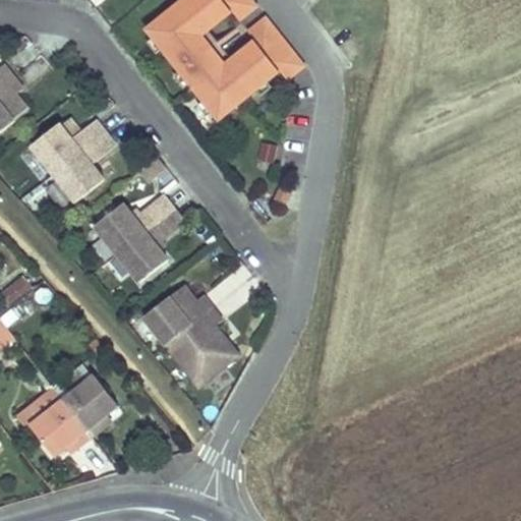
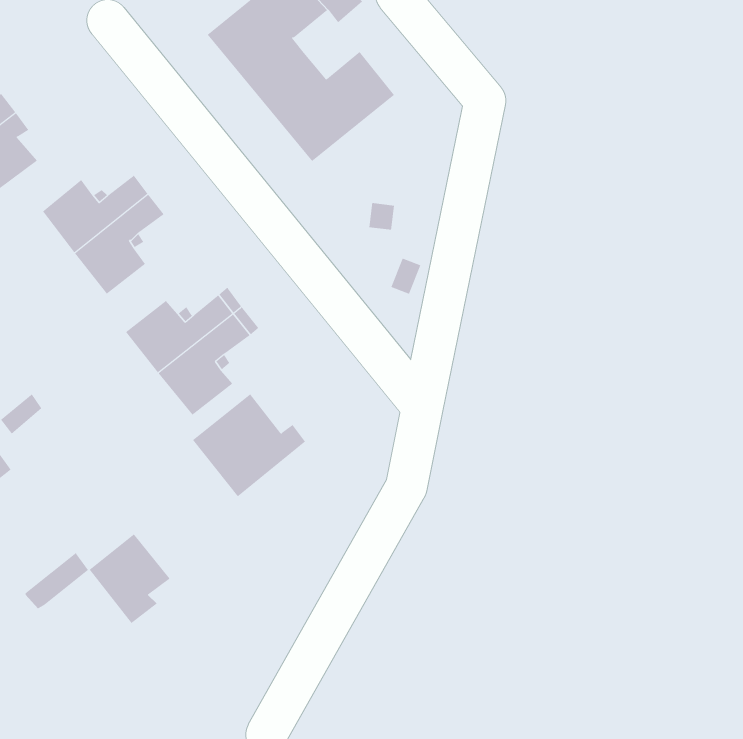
building: [244,11,301,75] -> none
building: [166,308,239,388] -> none
building: [32,398,92,453] -> none

